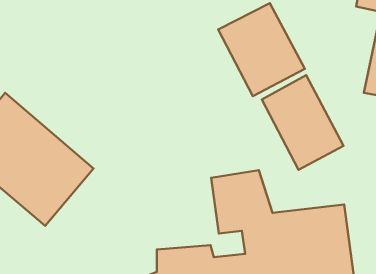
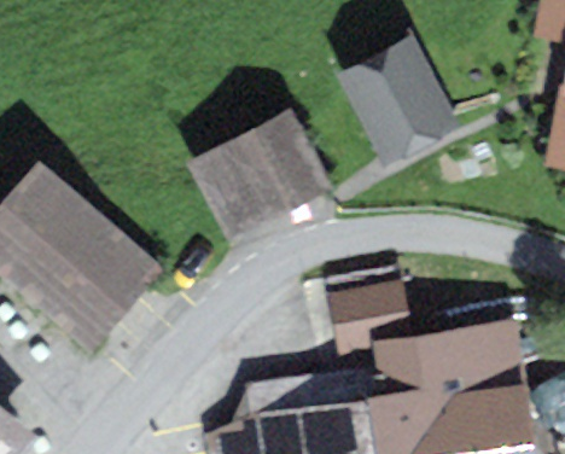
building: none -> [186,112,328,241]
building: [262,75,343,170] -> none

